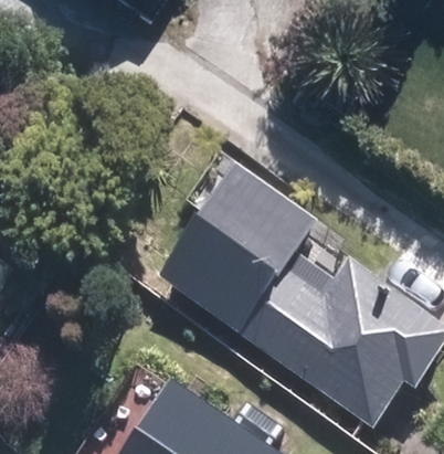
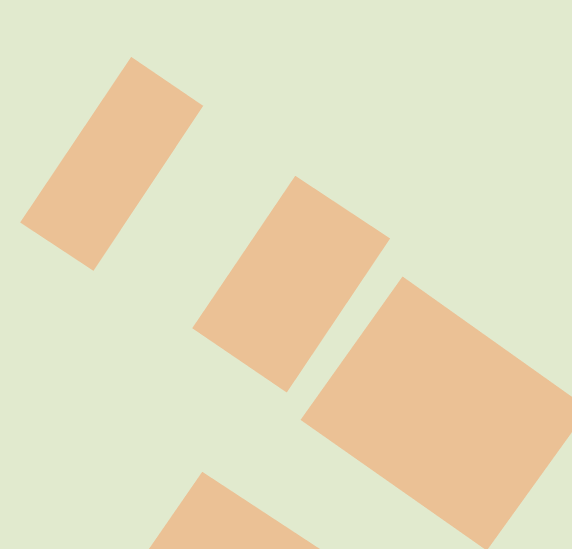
building: none -> [19,56,204,272]

